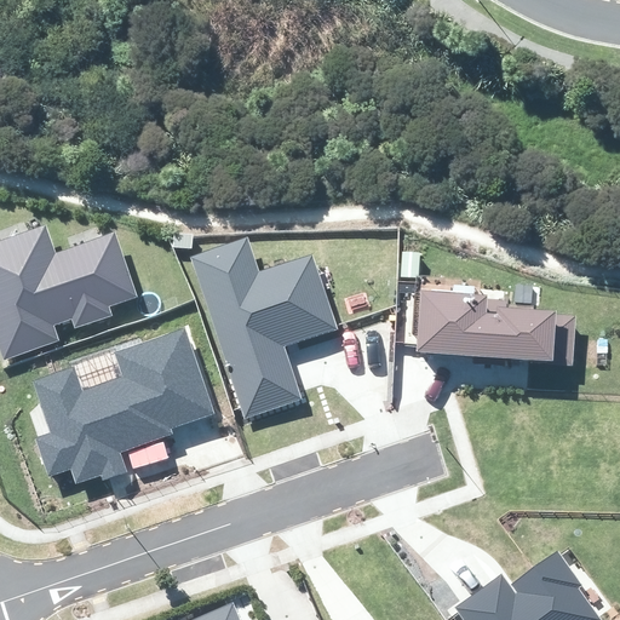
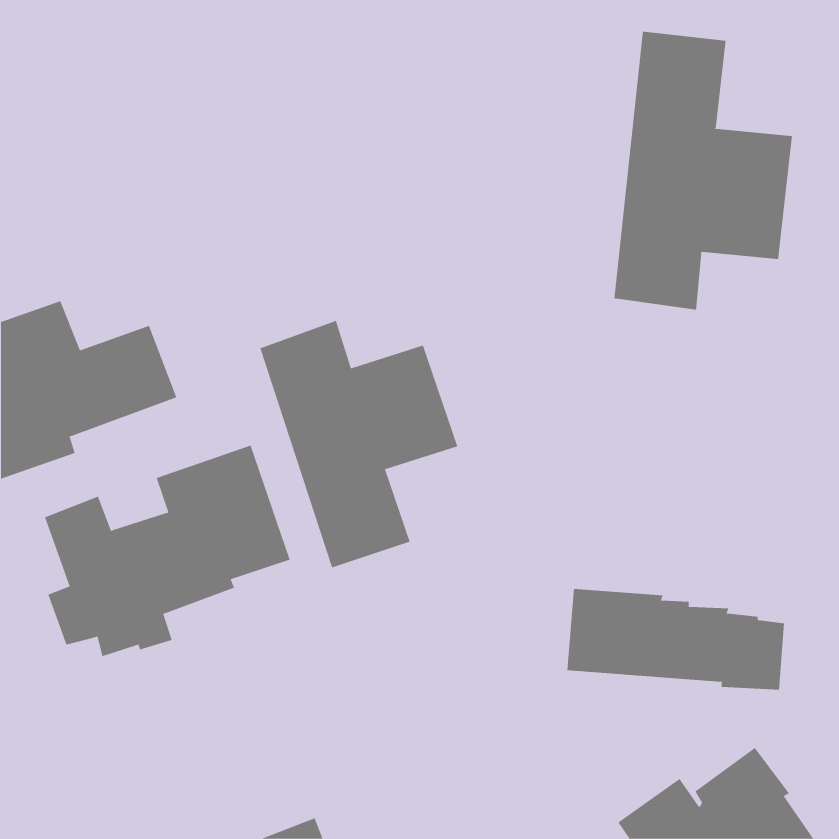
building: none -> [614,31,793,310]
building: [415,291,576,366] -> [567,589,785,690]

